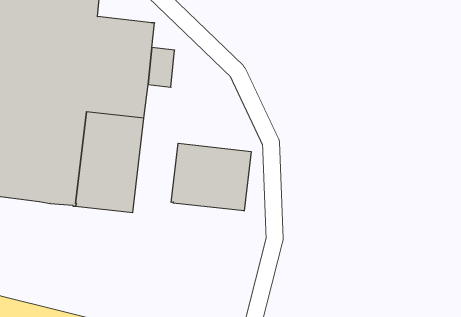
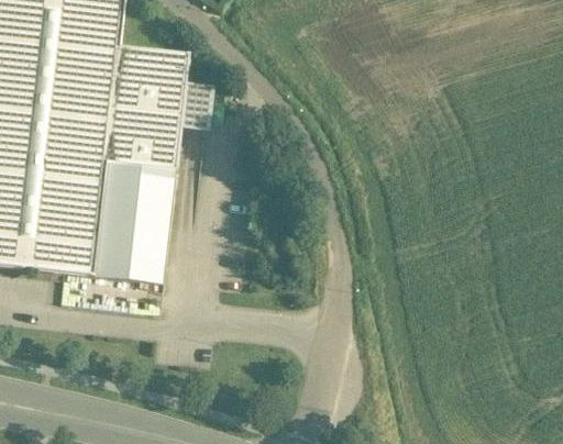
building: [171,143,251,211] -> none

